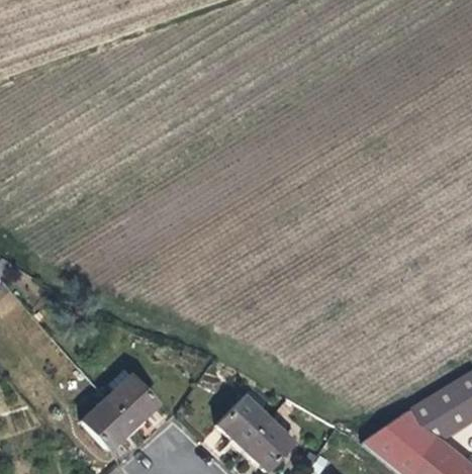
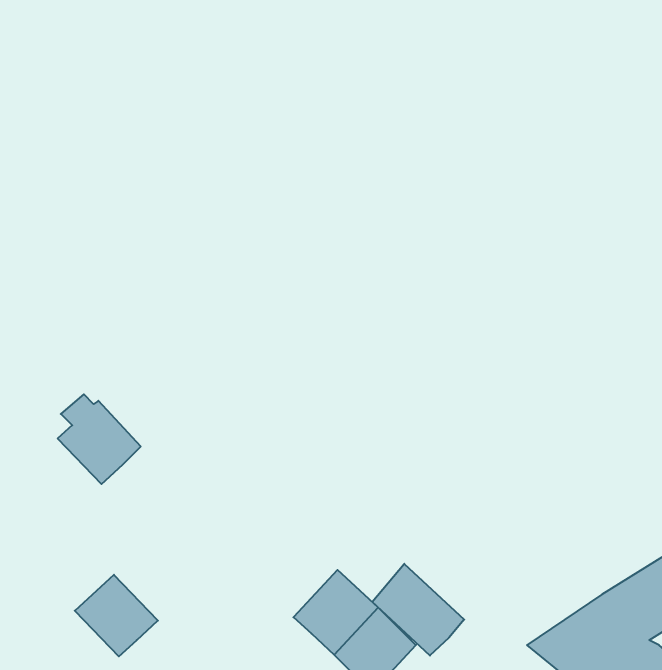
building: [108,372,160,428] -> [58,394,141,484]
building: none -> [372,564,464,656]

